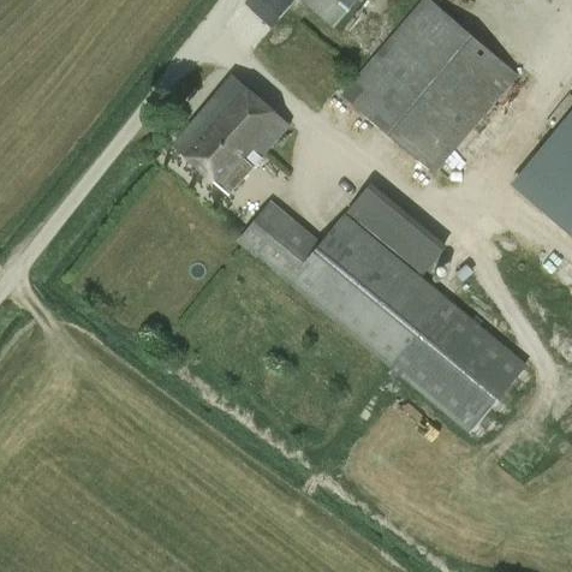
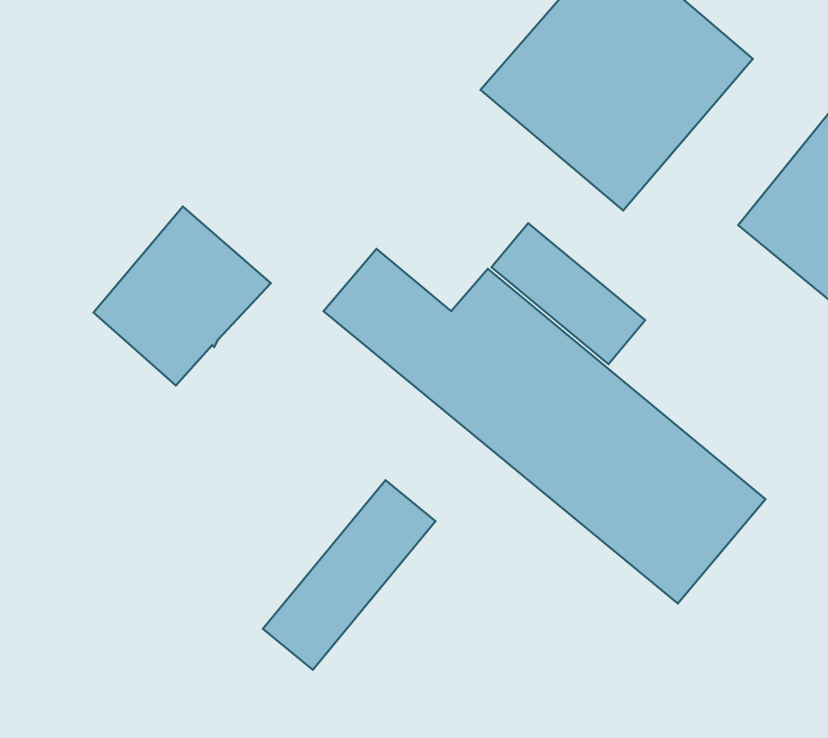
building: [174,75,291,192] -> [93,206,271,386]
building: none -> [263,480,435,670]

